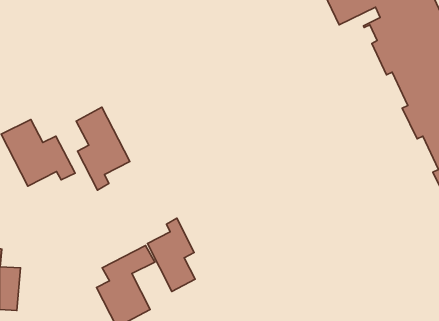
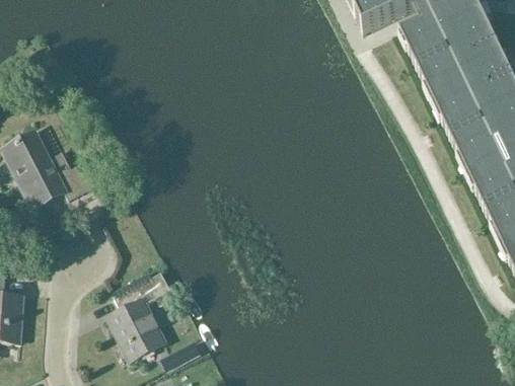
building: [76,107,130,190] -> none
building: [148,218,195,291] -> none

